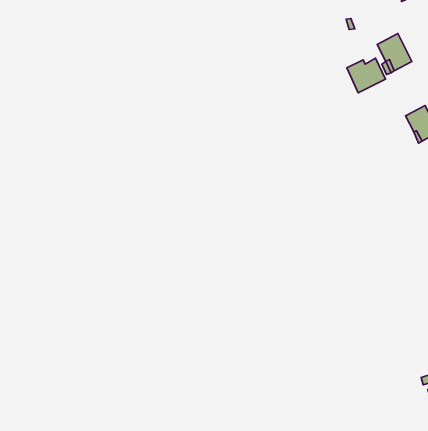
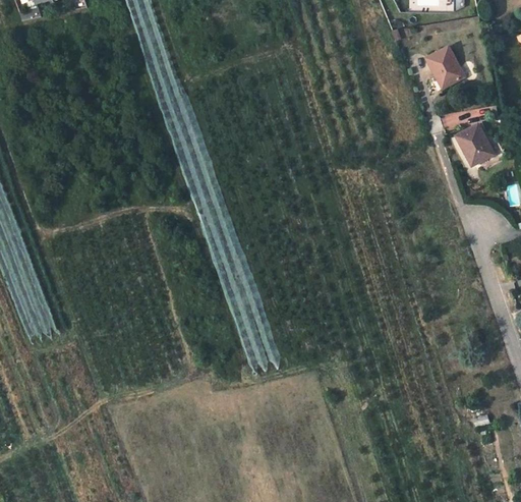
building: [347,58,386,93] -> none

